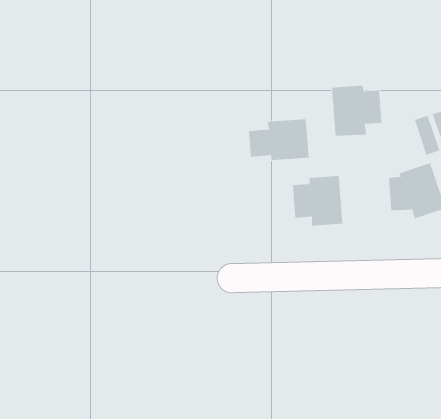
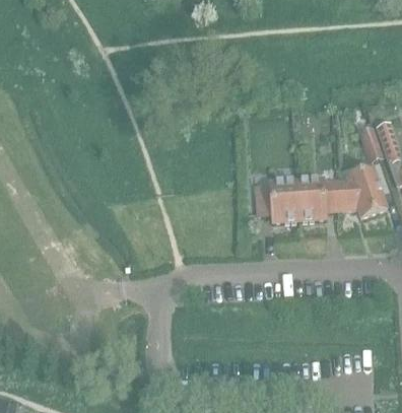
building: [331,85,382,136] -> [295,177,339,220]
building: [248,118,309,161] -> none

